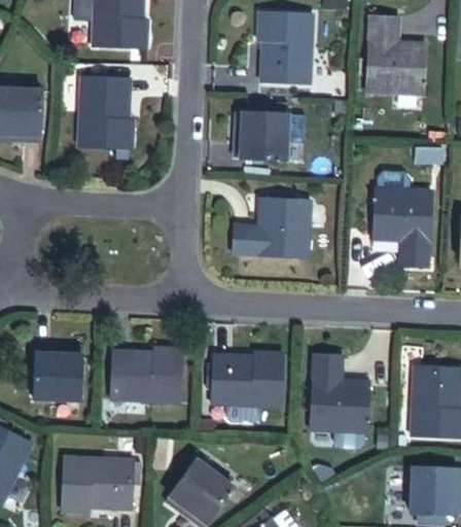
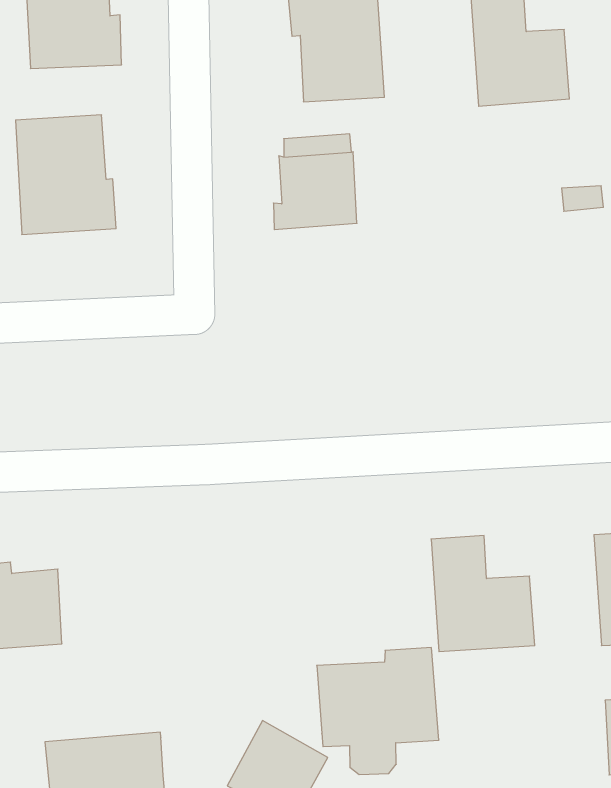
building: [374,172,430,267] -> none
building: [231,198,312,258] -> none
building: [107,345,180,400] -> none
building: [210,347,283,423] -> [317,648,439,775]

